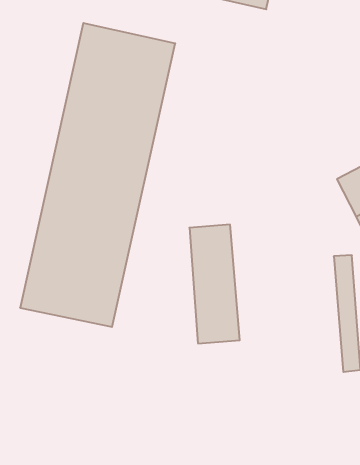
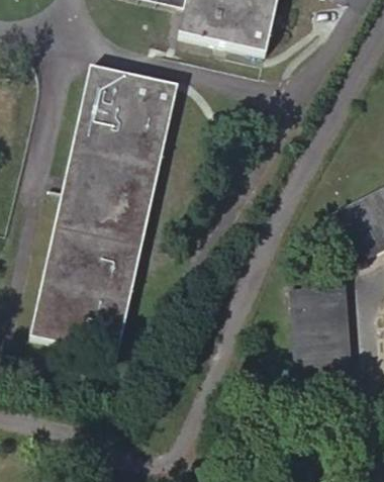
building: [189,225,240,343] -> [289,283,337,395]

